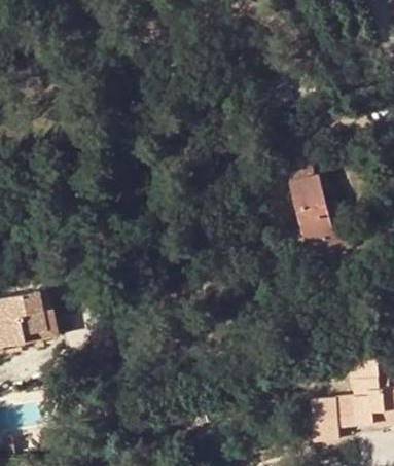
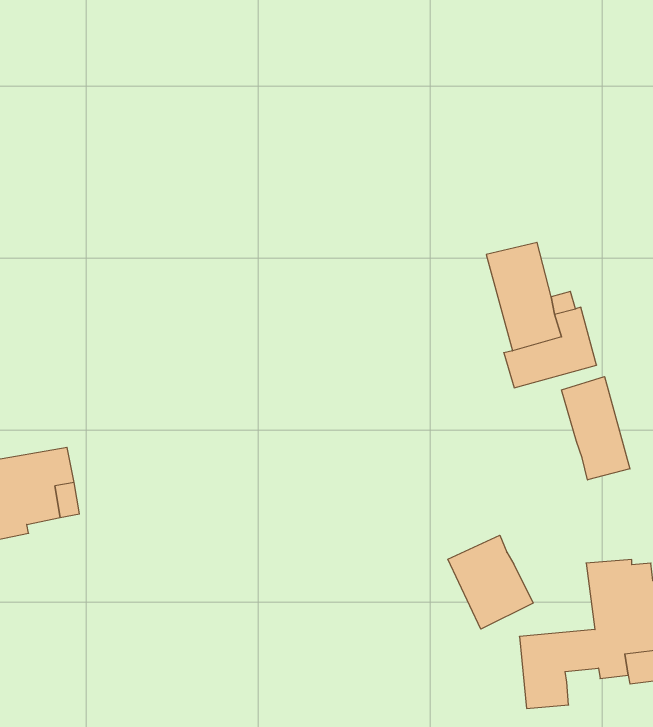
building: none -> [562,377,630,480]
building: none -> [448,535,533,629]

